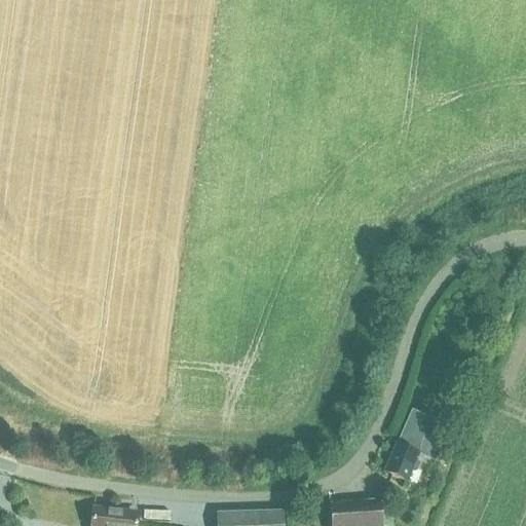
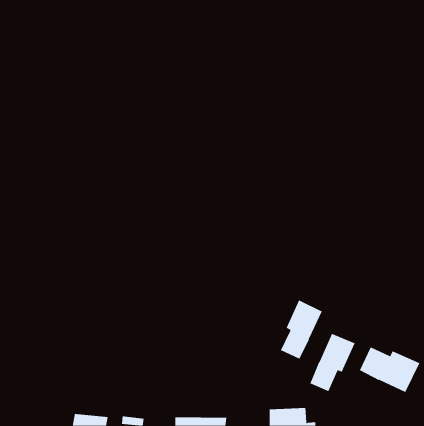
building: none -> [280,300,322,360]
building: none -> [359,346,420,393]

